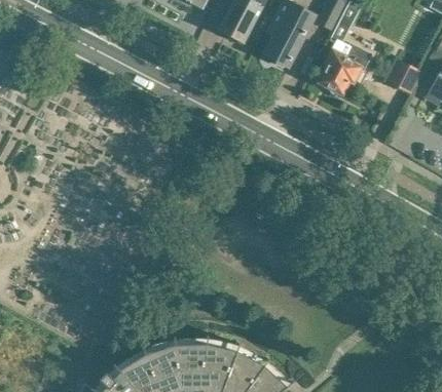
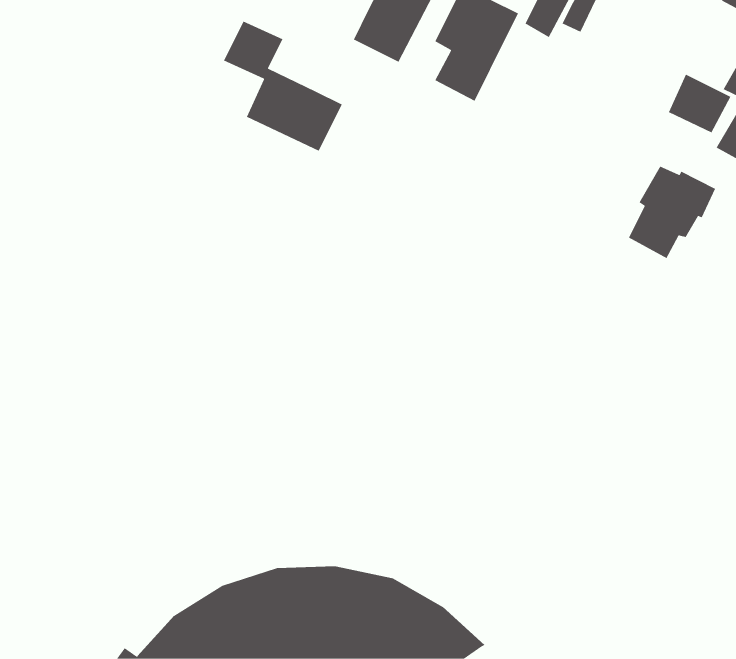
building: none -> [223,20,343,152]
building: [319,41,370,95] -> [628,165,716,259]

